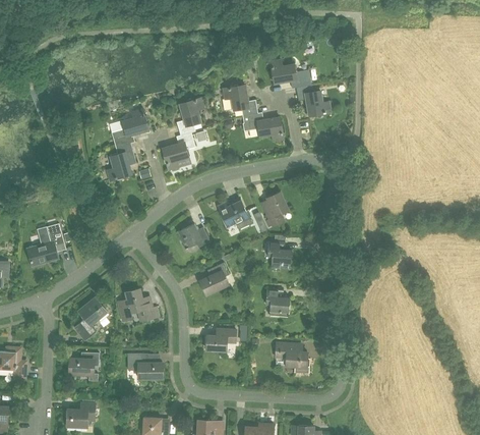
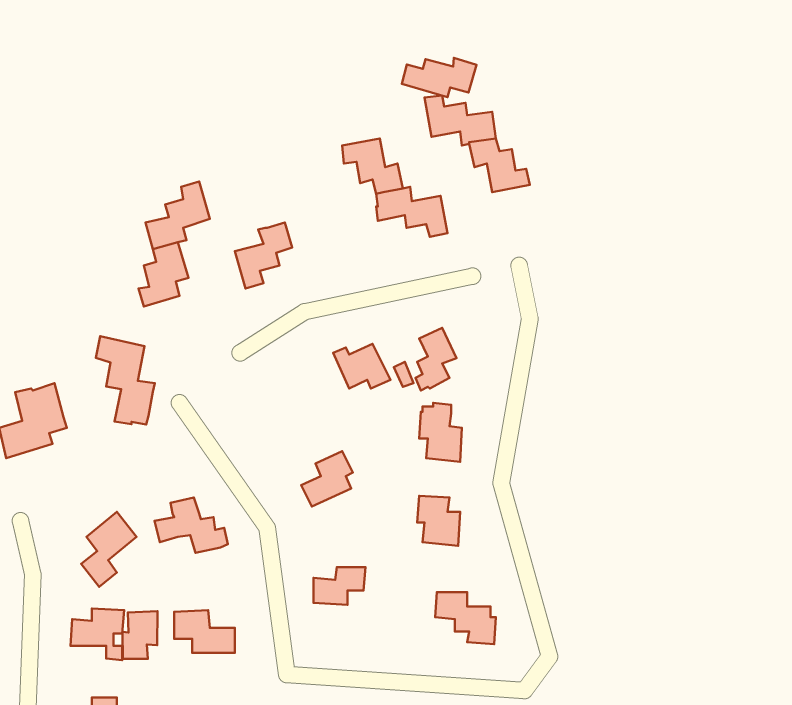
building: none -> [402,58,477,97]
building: [176,98,202,134] -> none
building: none -> [96,336,155,425]
building: [177,222,209,247] -> none
building: none -> [123,611,157,659]

